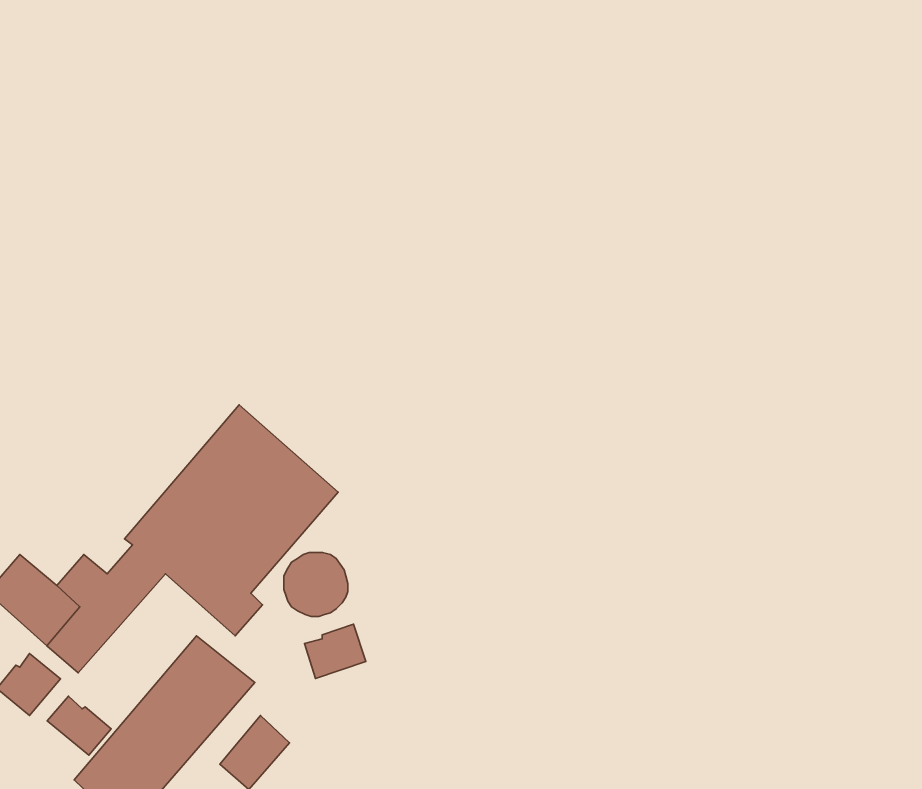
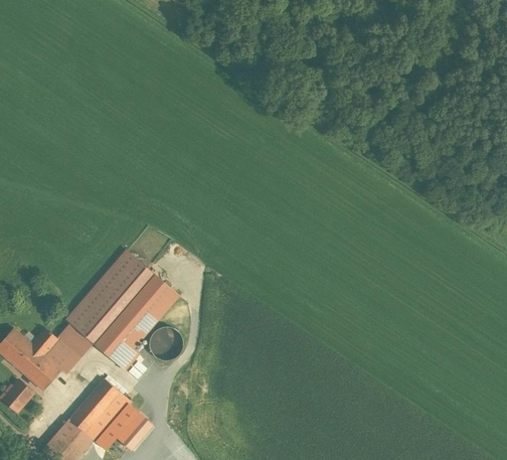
building: [305,624,366,679] -> none
building: [47,696,111,755] -> none

